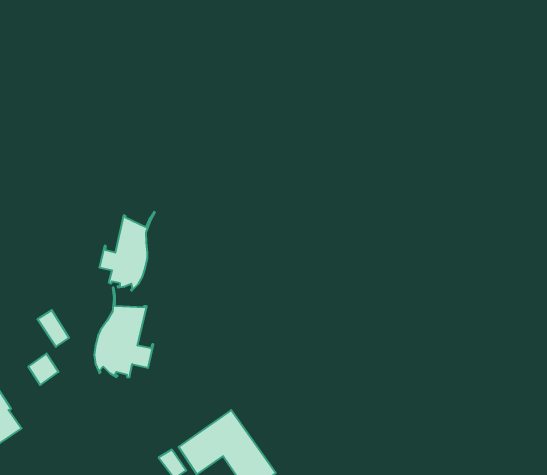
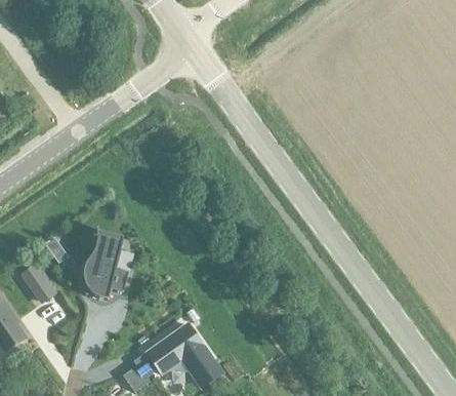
building: [100,212,155,291] -> none

